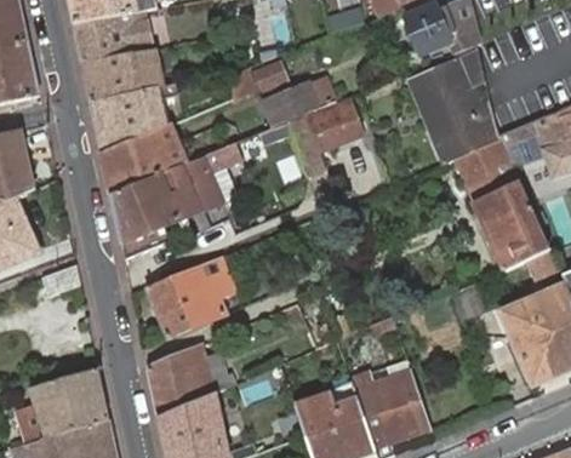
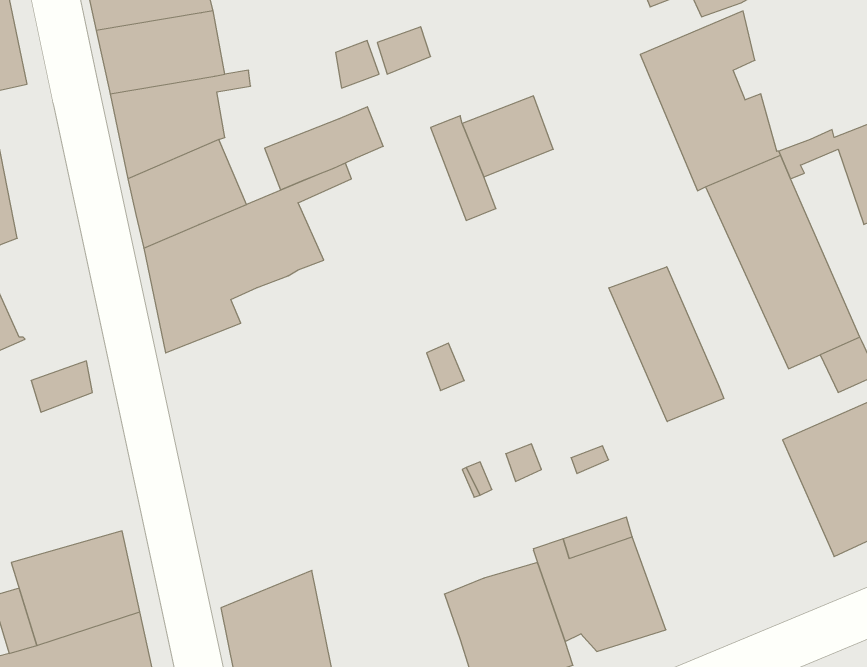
building: [262,76,335,127] -> [265,107,383,190]
building: none -> [609,267,724,422]
building: [144,257,234,338] -> none
building: [147,345,234,416] -> none

